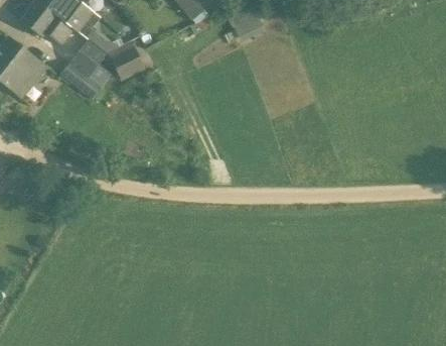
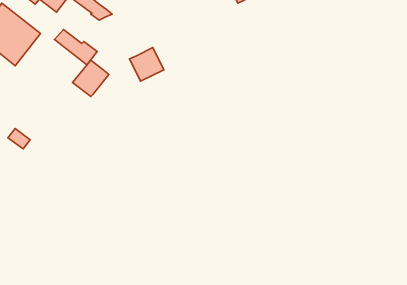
building: [111,39,145,73] -> [129,48,164,81]
building: [69,40,106,77] -> [73,60,109,97]

